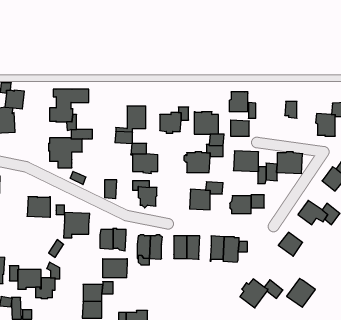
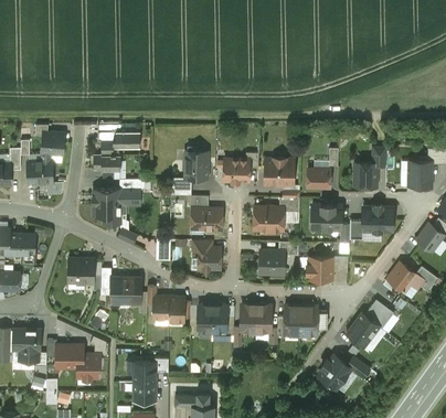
building: [229,92,248,112] -> [354,163,376,186]
building: [103,259,127,278] -> none
building: [287,278,315,307] -> [346,314,380,349]

